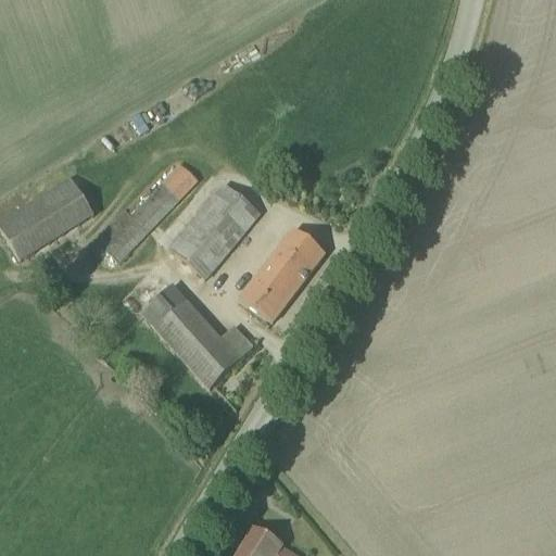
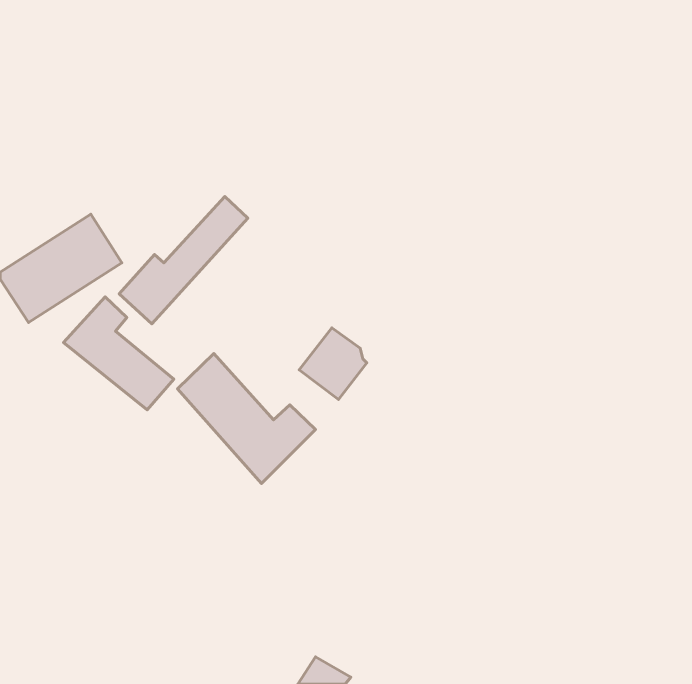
building: [172,184,261,277] -> none
building: [266,227,325,291] -> none
building: none -> [64,297,174,410]

